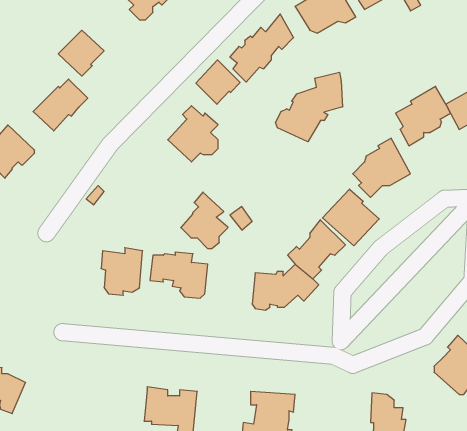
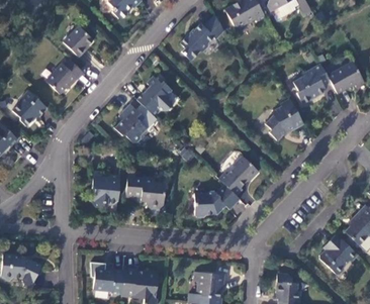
building: [196,60,240,104] -> none
building: [276,72,343,142] -> none
building: [322,189,379,246] -> none
building: [181,192,228,248] -> [115,104,148,142]
building: none -> [91,262,123,293]

